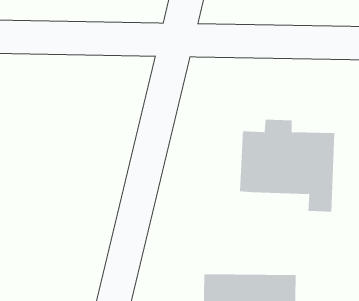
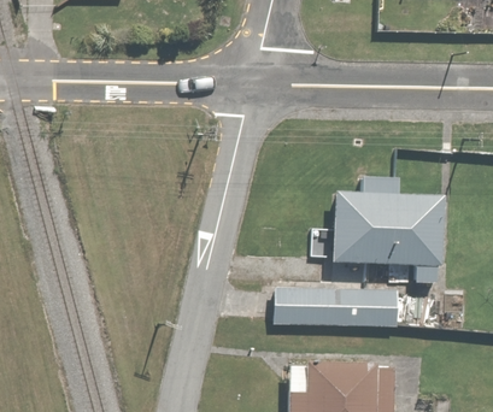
building: none -> [271,283,401,325]

